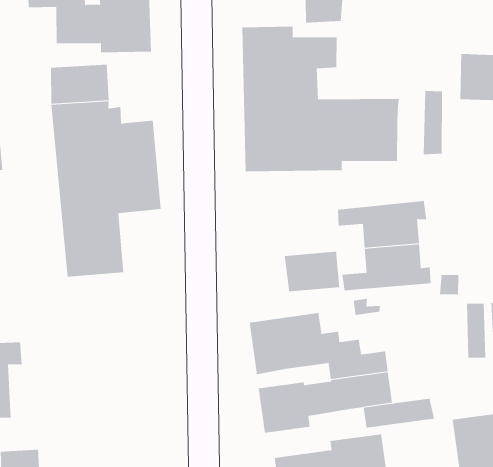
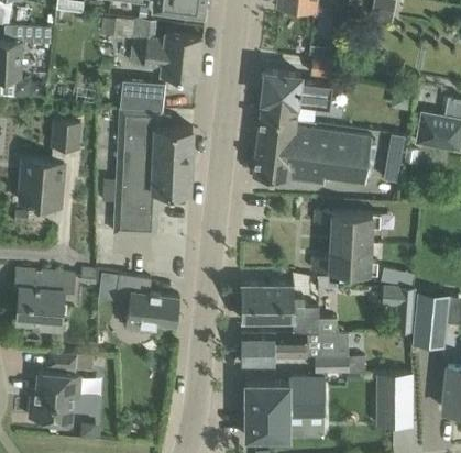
building: [284,251,340,292] -> none
building: none -> [117,275,180,333]

